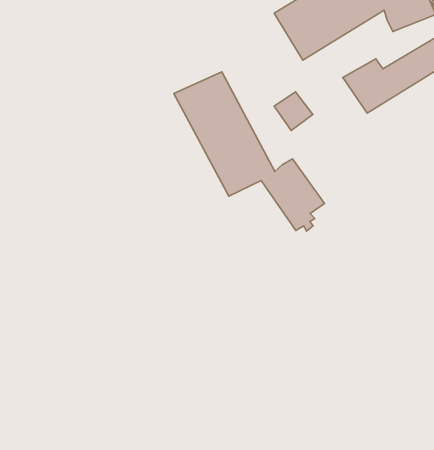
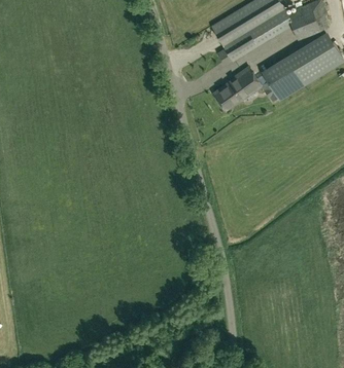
building: none -> [228,67,261,100]
building: [174,72,325,231] -> none

